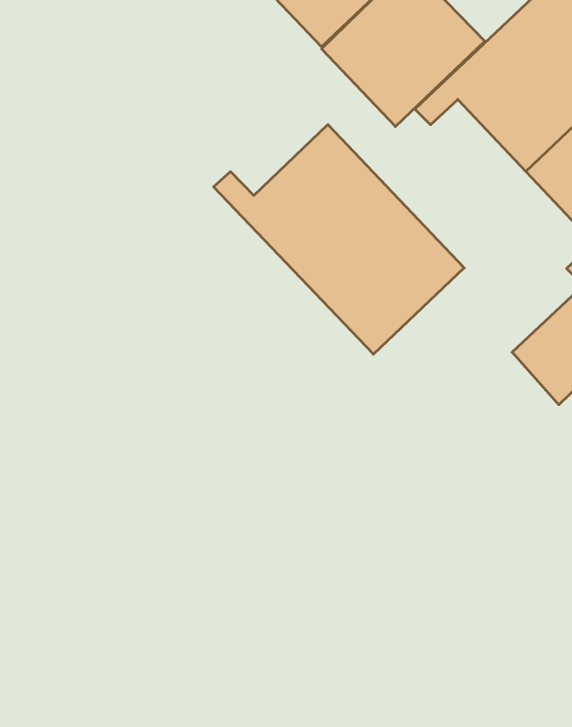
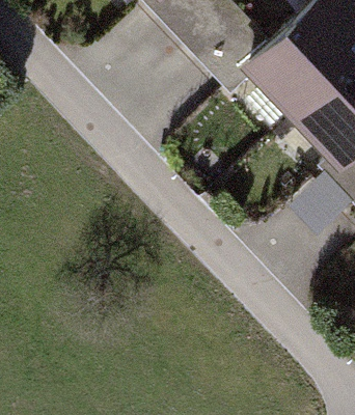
building: [214,125,464,354] -> none

